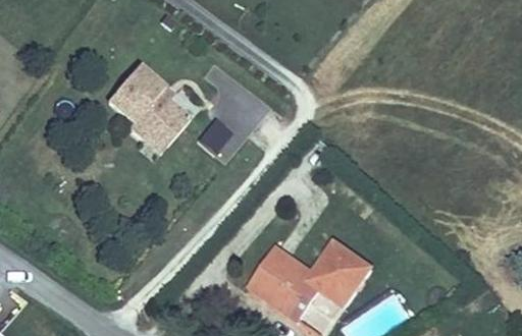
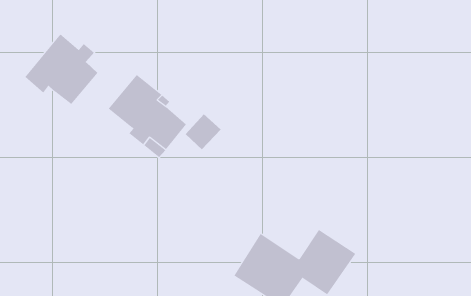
building: none -> [24,33,98,105]

